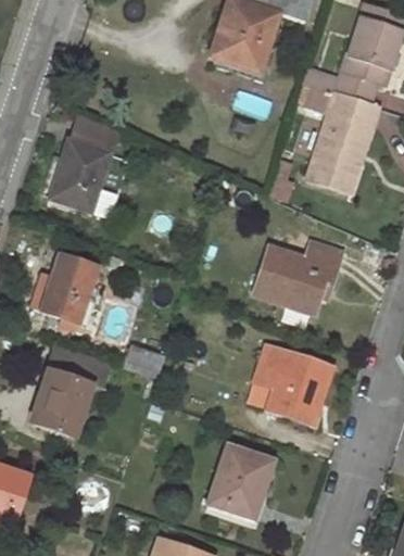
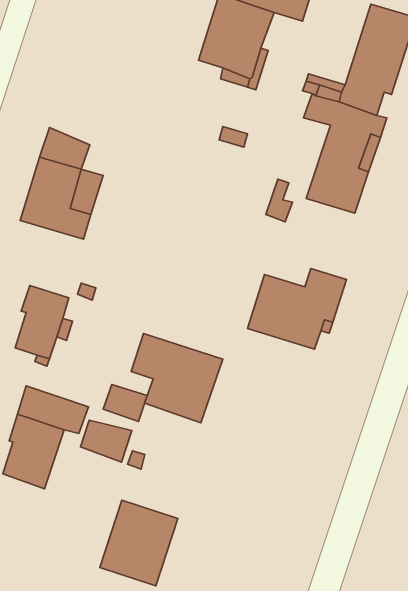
building: [255,345,337,425] -> [131,334,223,423]
building: none -> [81,420,132,462]
building: [207,443,277,519] -> [100,500,178,586]

